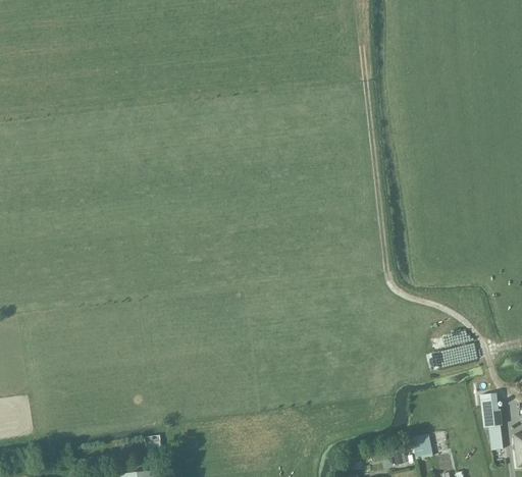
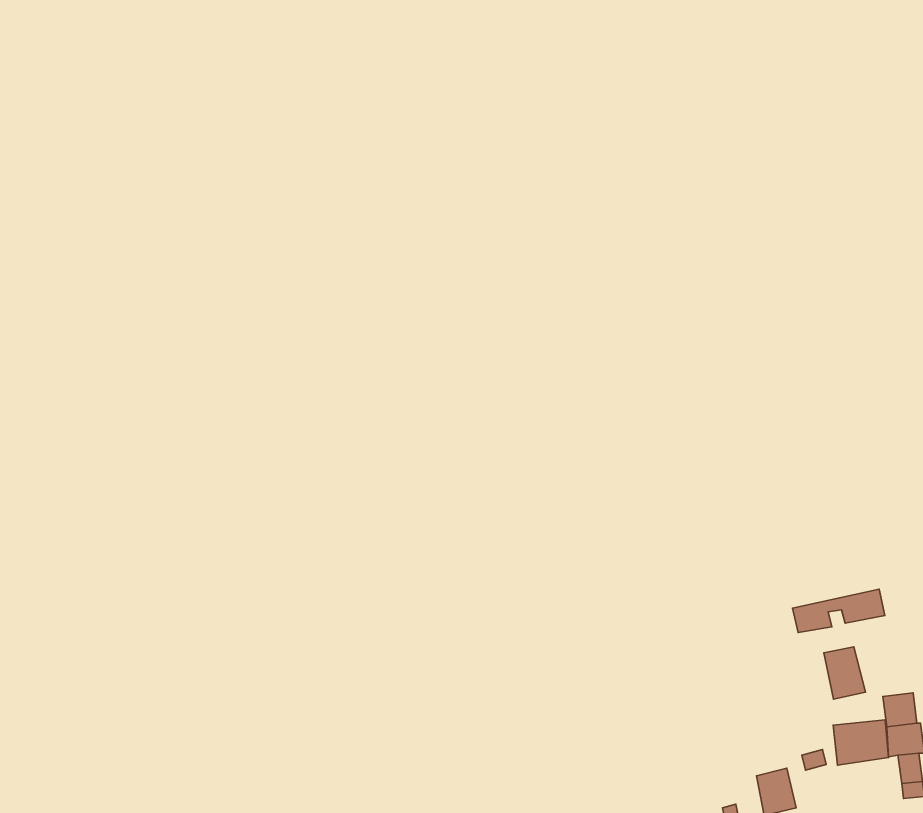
building: none -> [824,647,865,699]
building: none -> [833,720,889,765]

